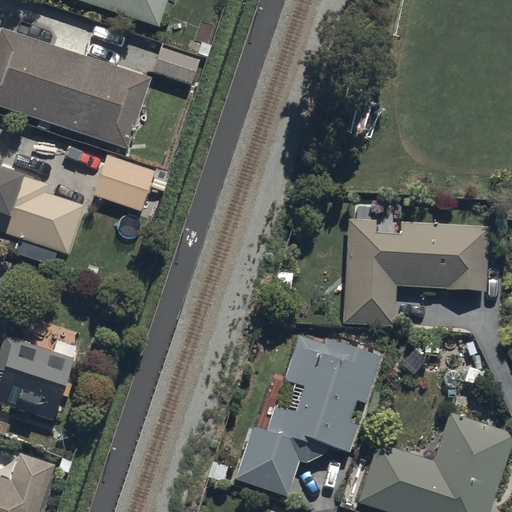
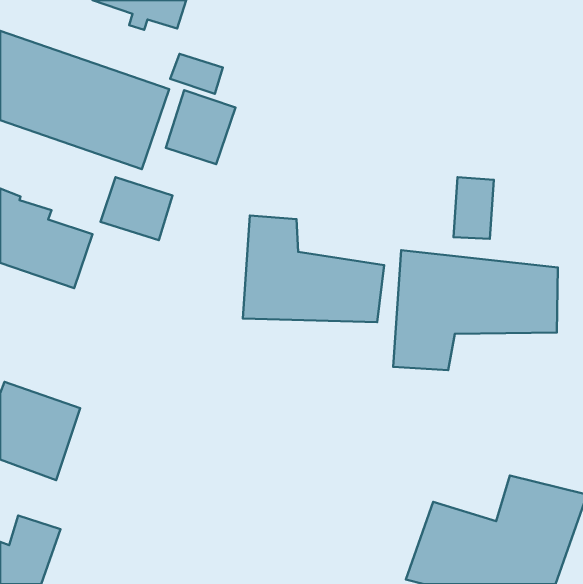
building: none -> [166,90,235,164]
building: none -> [454,177,494,239]
building: none -> [243,216,384,322]
building: [235,335,379,493] -> none

